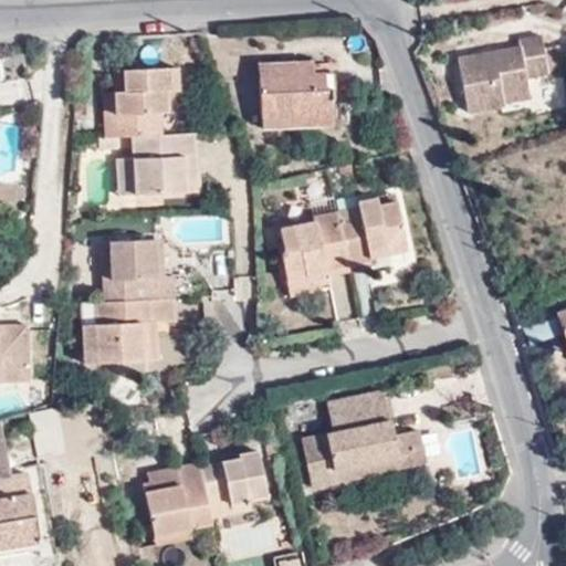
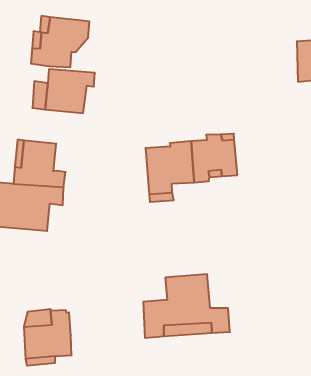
building: [261,65,331,132] -> none
building: [202,450,268,506] -> none

